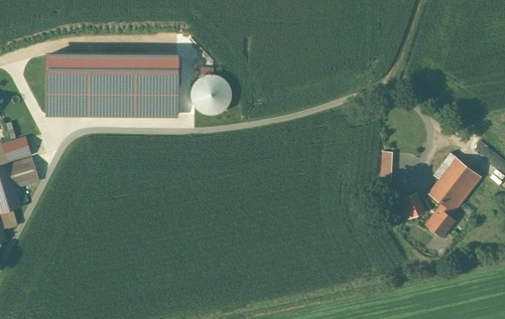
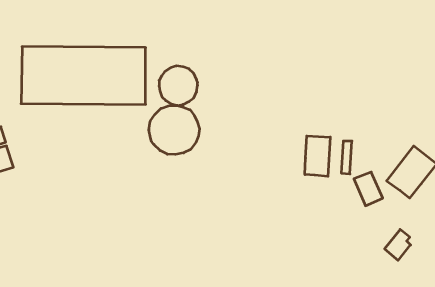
building: none -> [149,105,200,154]
building: none -> [305,136,330,176]
building: [426,205,454,237] -> [385,229,411,260]

